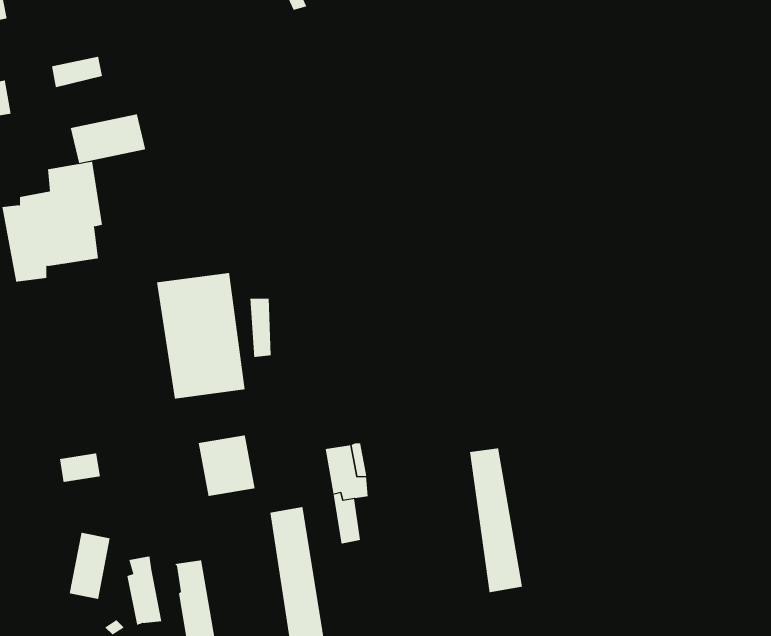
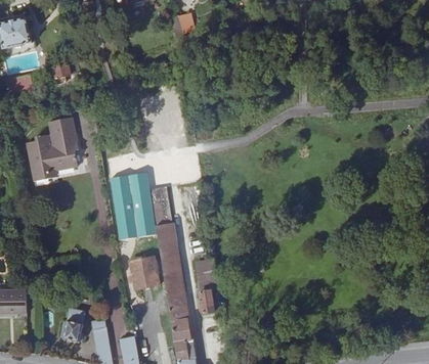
building: [70,114,146,164] -> none
building: [469,448,523,593] -> [156,223,183,298]

